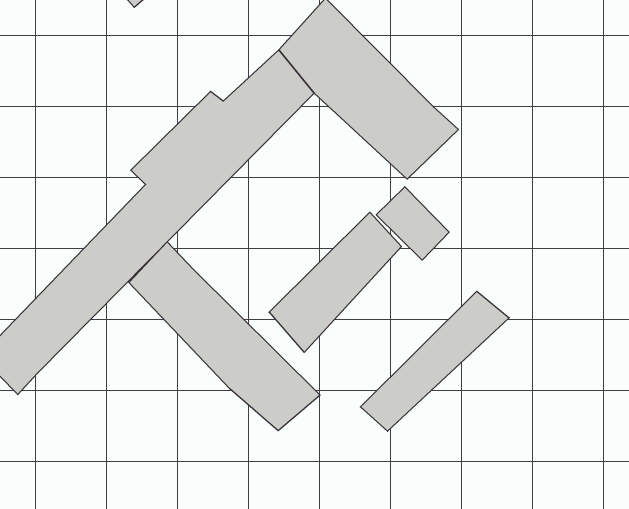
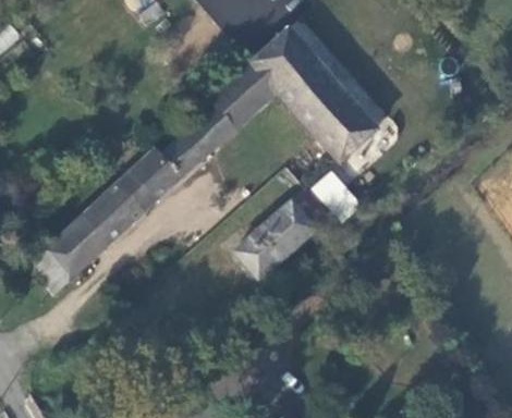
building: [129,242,320,431] -> none
building: [360,291,509,431] -> none

